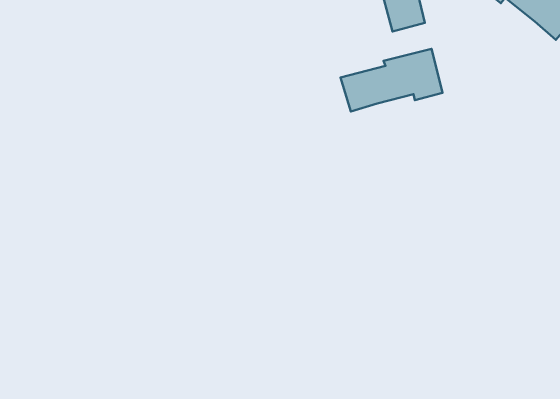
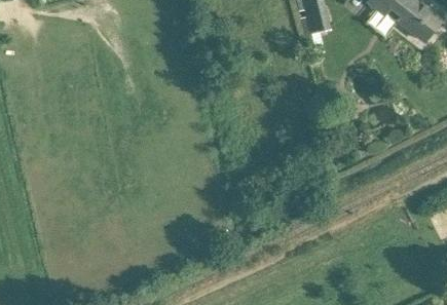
building: [341,49,443,112] -> none

